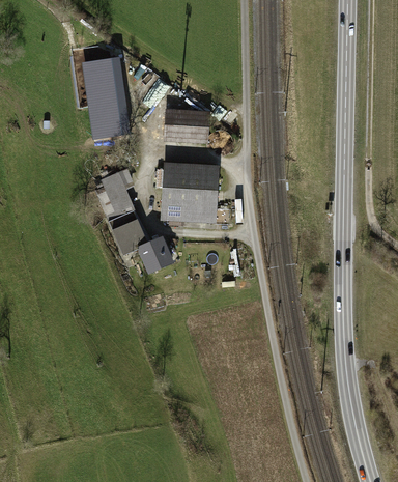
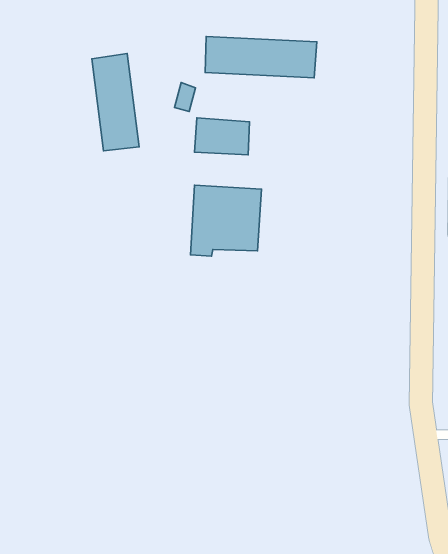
building: none -> [205,36,317,78]
building: [100,168,172,272] -> none

